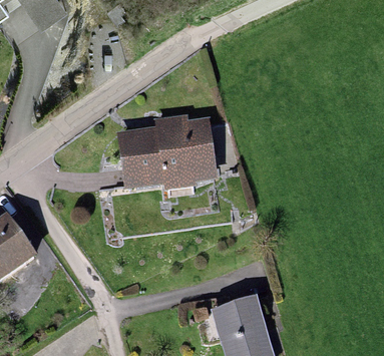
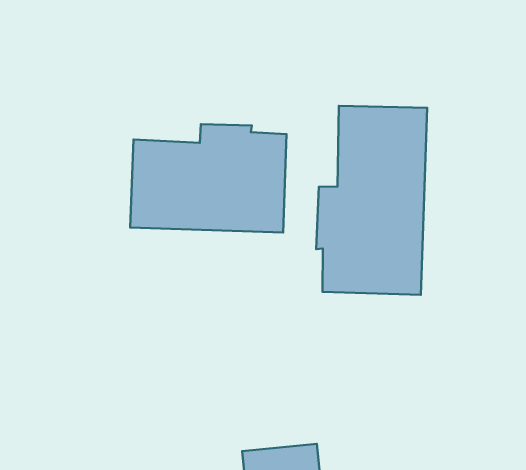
building: none -> [316,106,427,295]

